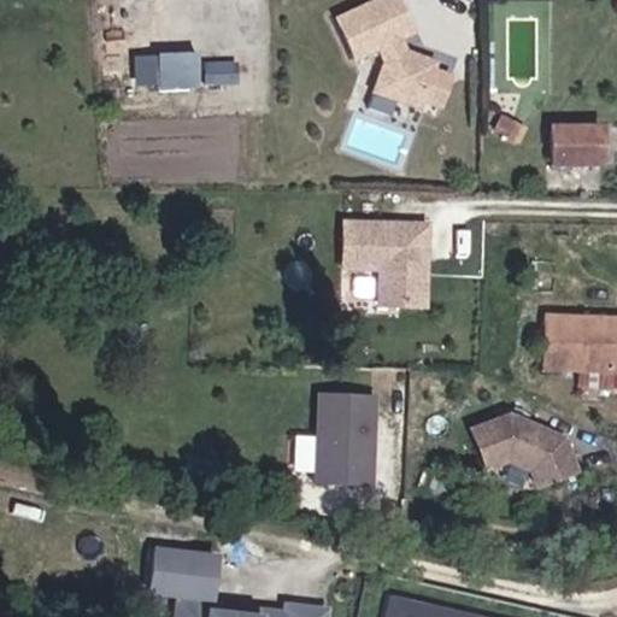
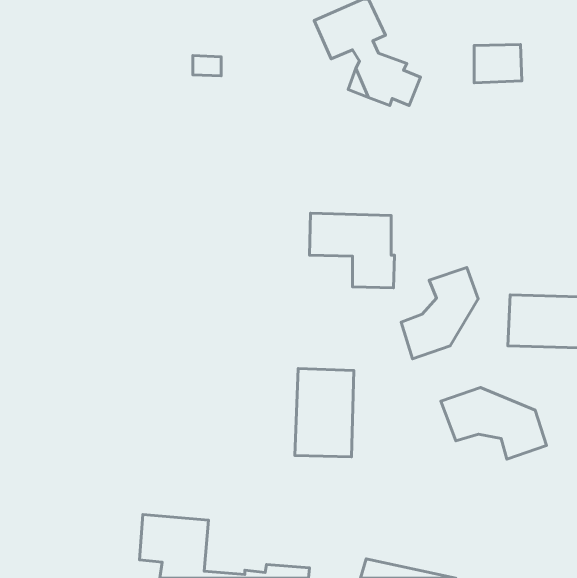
building: [137,51,200,83] -> none
building: [556,129,606,170] -> [474,44,522,83]
building: none -> [401,267,478,359]

